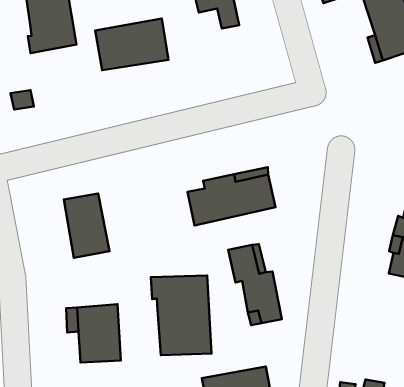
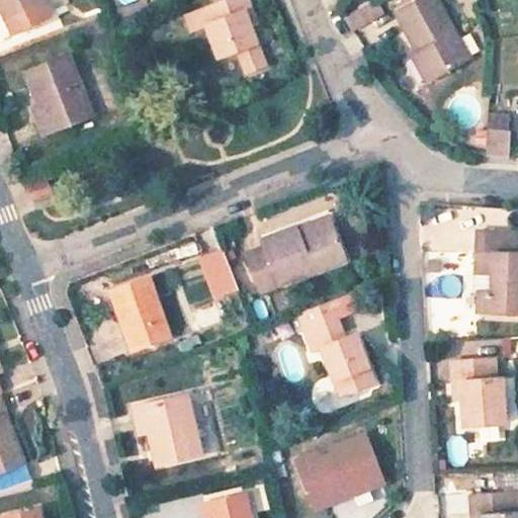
building: [95,19,169,70] -> none
building: none -> [199,249,235,295]
building: [151,275,212,355] -> none
building: none -> [450,358,501,421]

